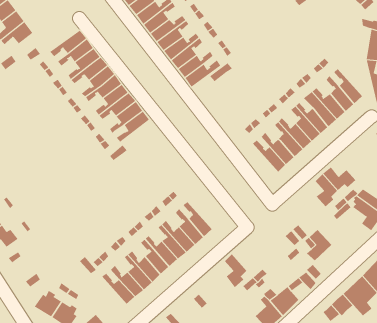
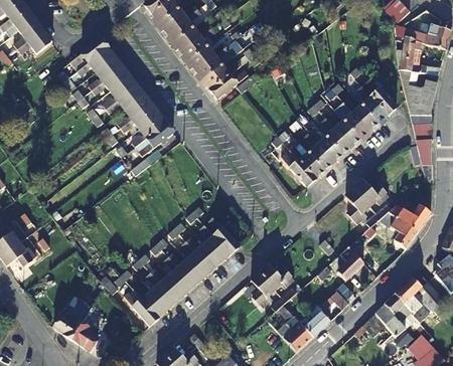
building: none -> [259,265,294,291]

